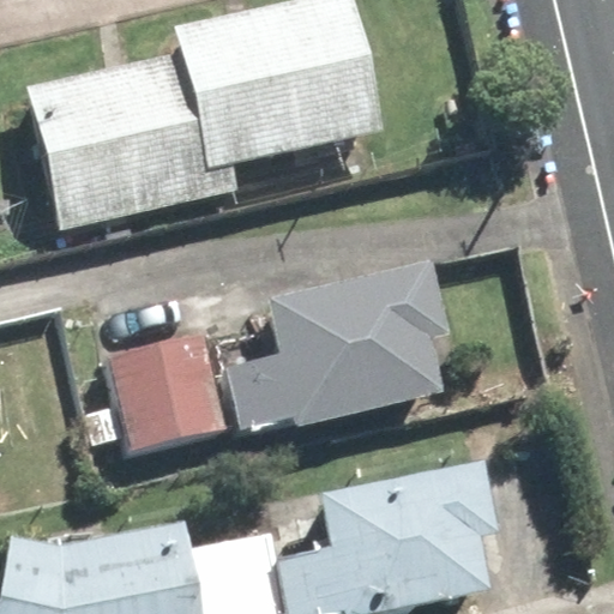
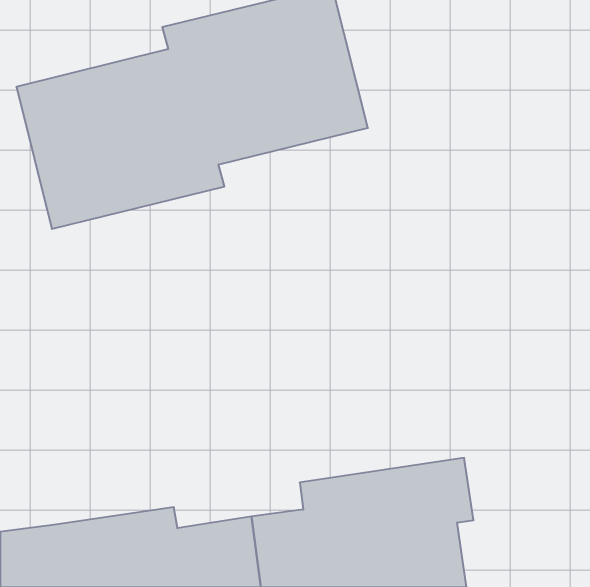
building: [223,263,455,432] -> none
building: [106,336,224,451] -> none

